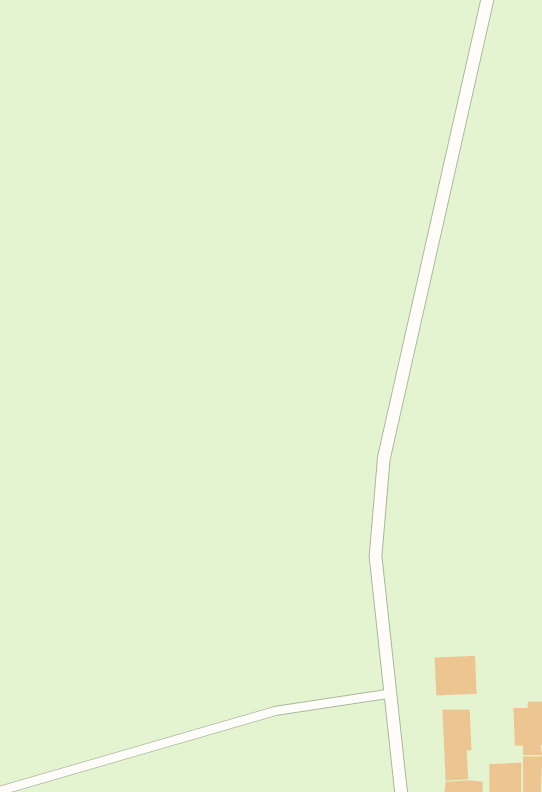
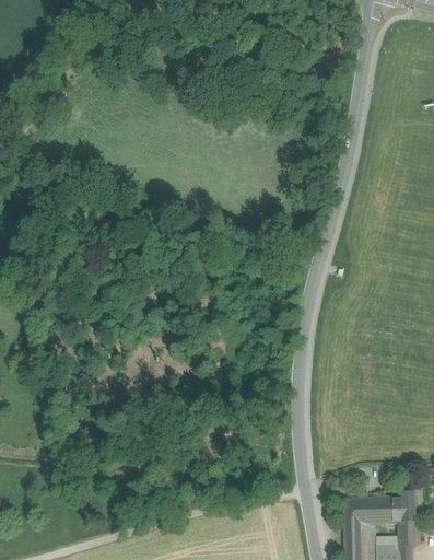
building: [434,655,477,696] -> [364,499,394,526]

